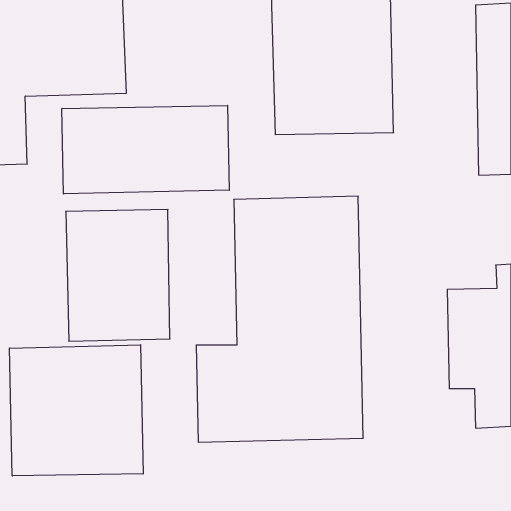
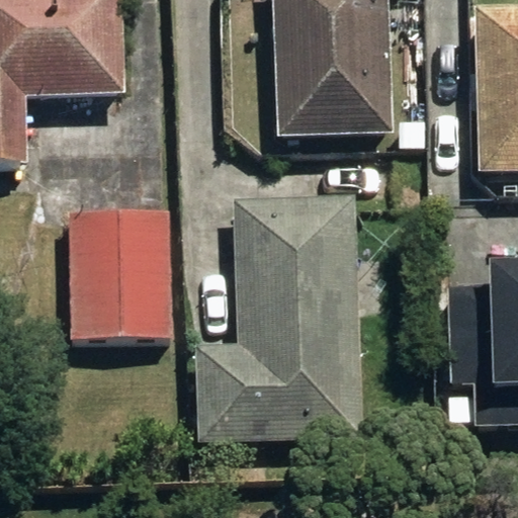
building: [62,105,229,194] -> none
building: [10,345,143,476] -> none

